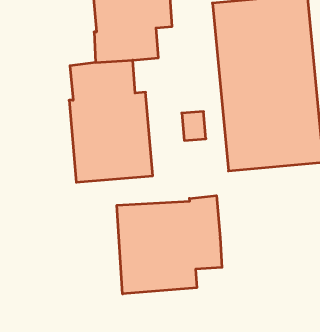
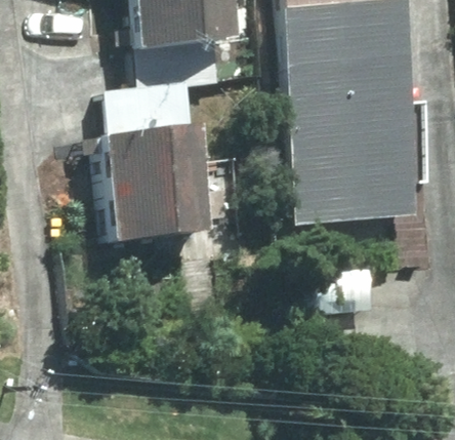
building: [117,196,222,294] -> none

